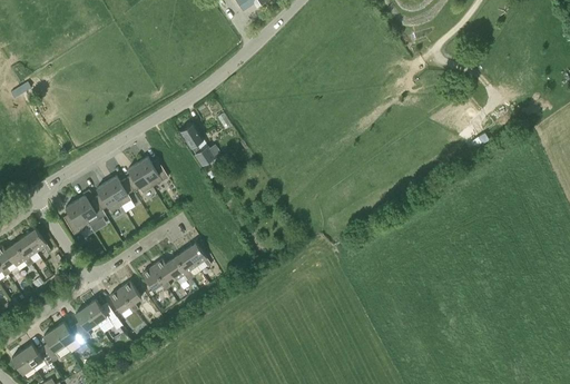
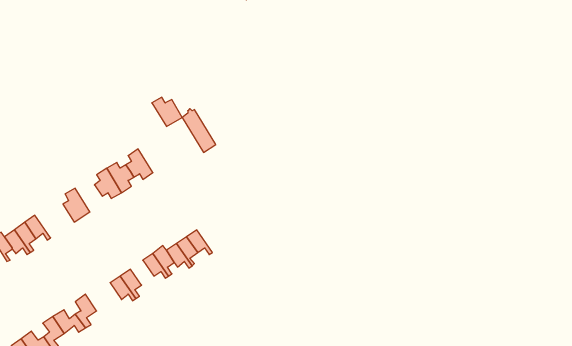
building: [138,156,168,185] -> [152,97,182,126]
building: [76,194,106,224] -> none
building: [86,298,122,328] -> none

